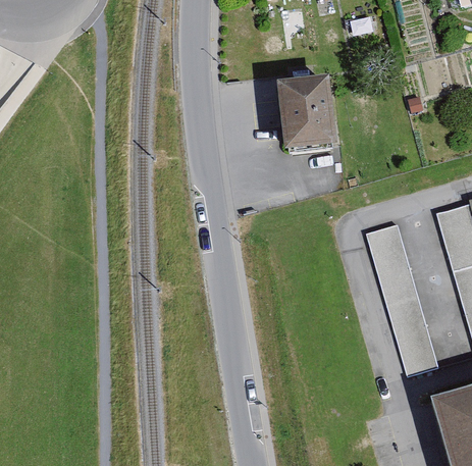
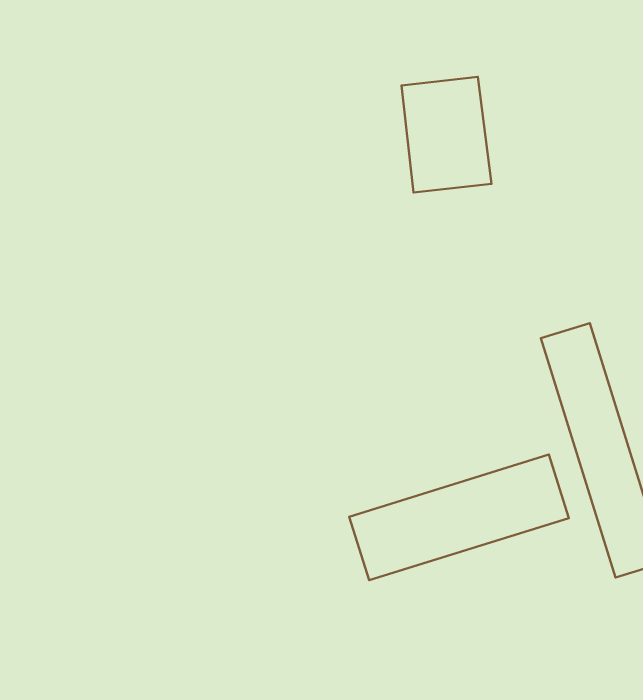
building: none -> [349,455,569,580]

